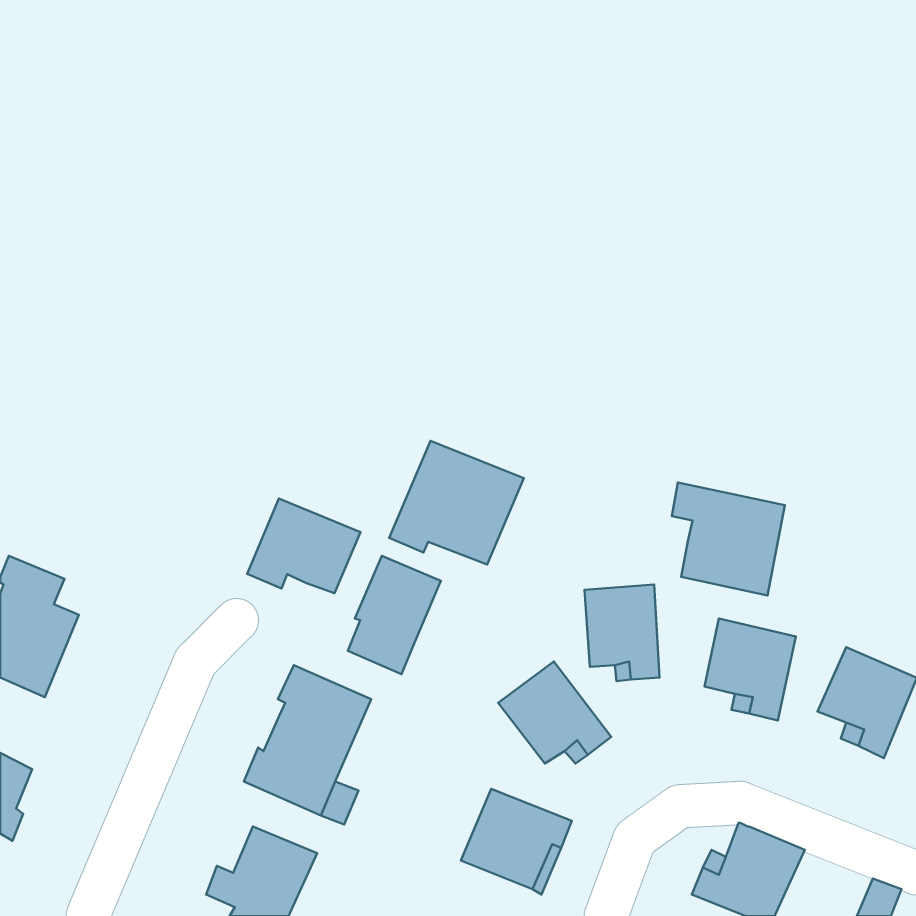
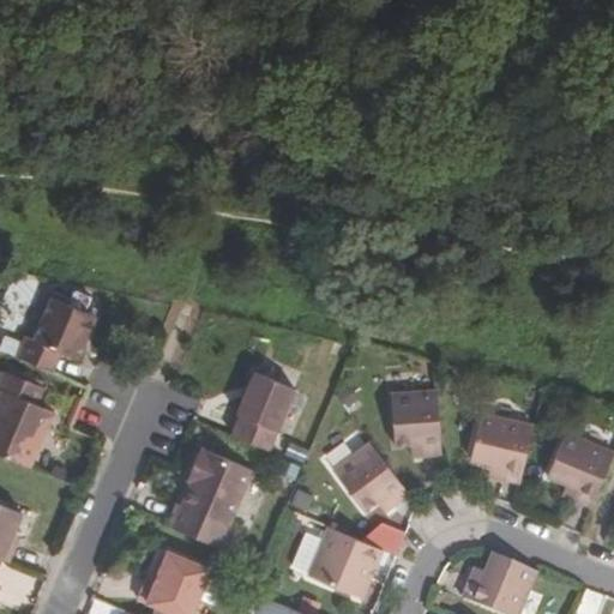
building: [389,441,524,565] -> none
building: none -> [18,299,97,372]
building: [672,482,785,596] -> none
building: [247,499,360,593] -> none

